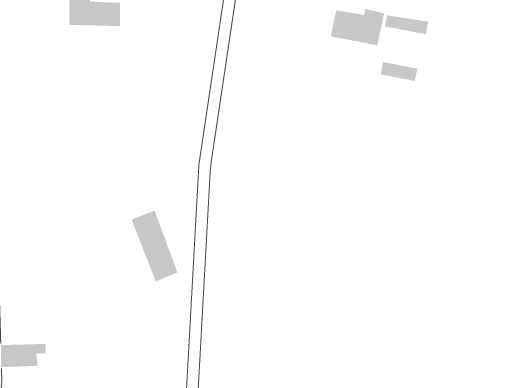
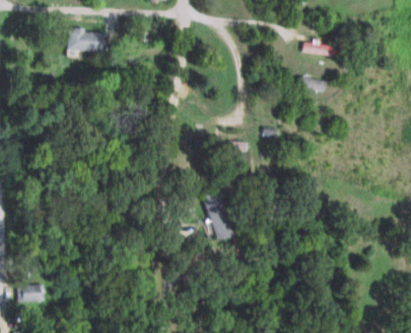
building: [330,8,385,46] -> none
building: [130,210,179,282] -> [201,188,236,242]

